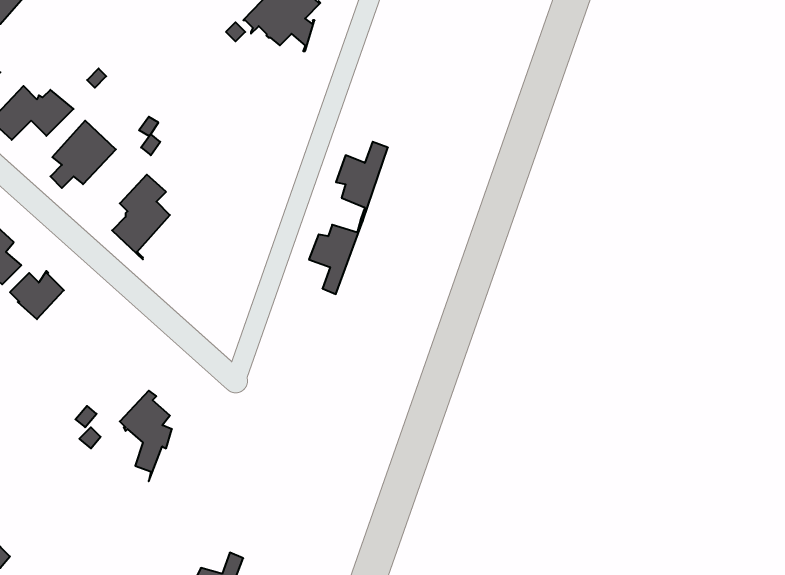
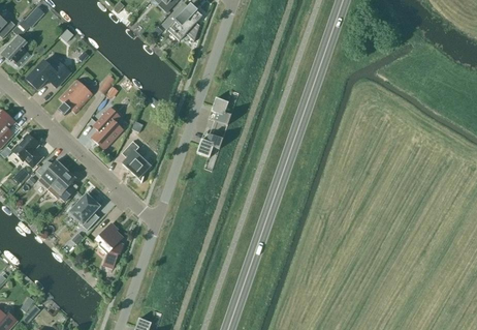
building: none -> [121,140,150,182]
building: none -> [51,169,75,200]
building: none -> [70,193,99,229]

